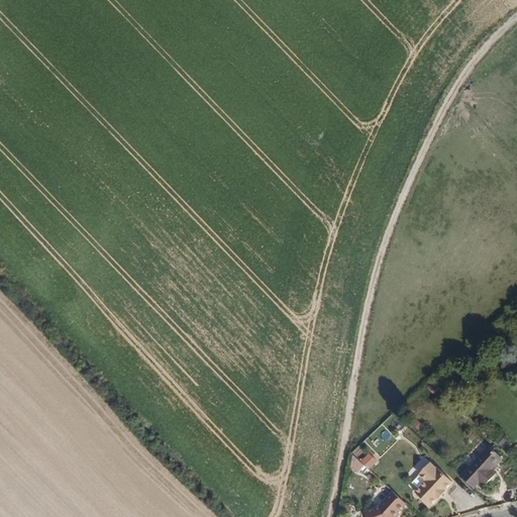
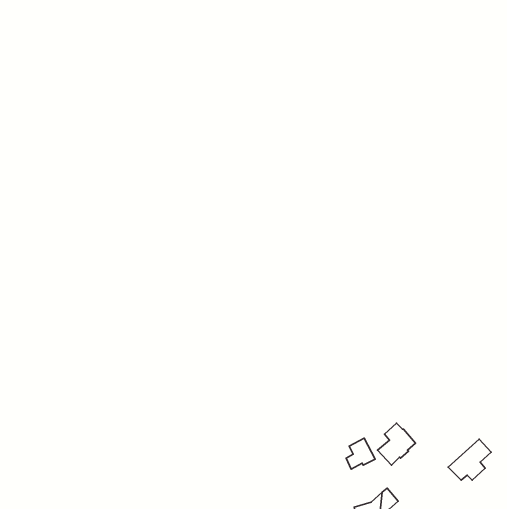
building: [410,463,448,506] -> [377,423,415,465]

